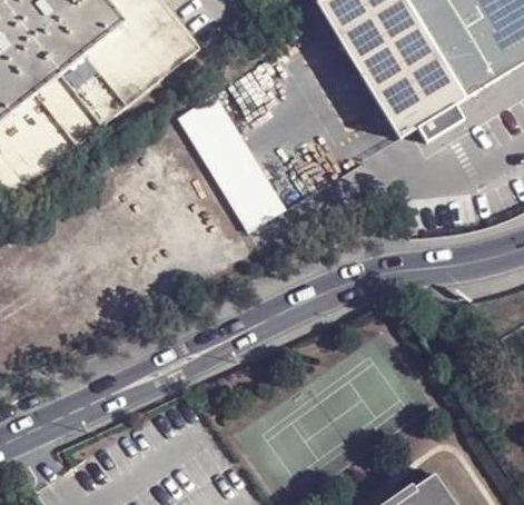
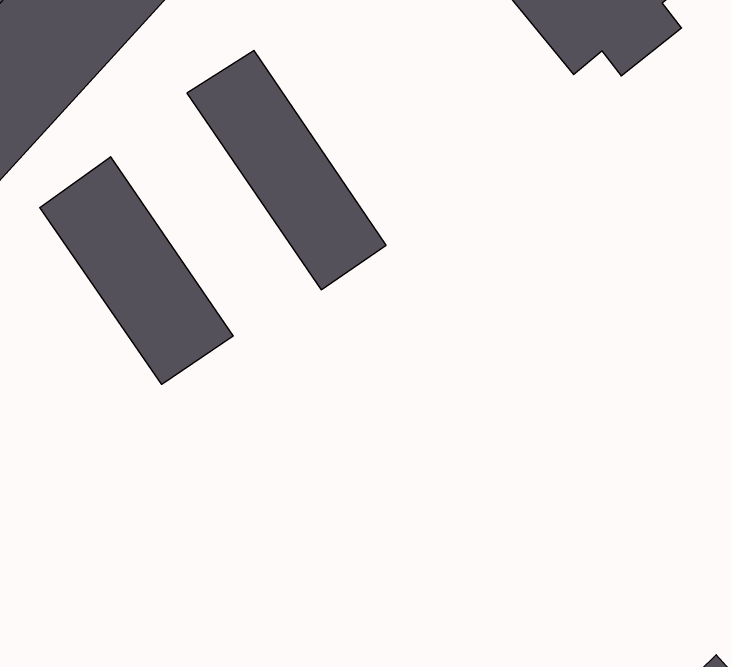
building: none -> [40,157,233,384]

